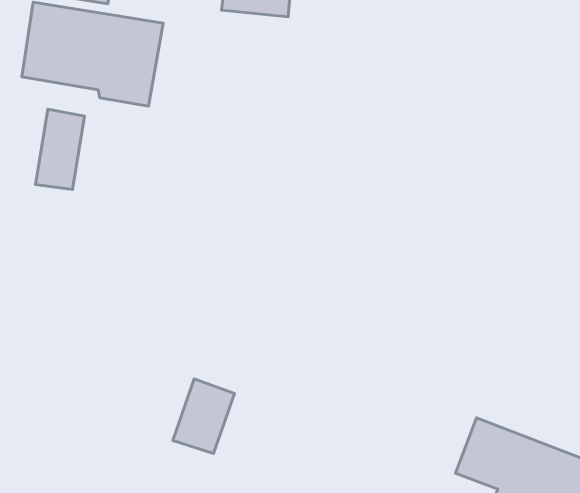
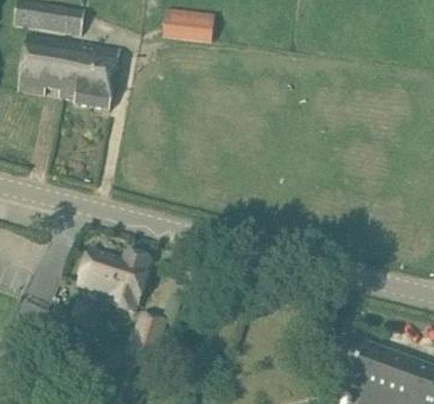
building: [36,109,84,190] -> none
building: none -> [78,251,151,312]

